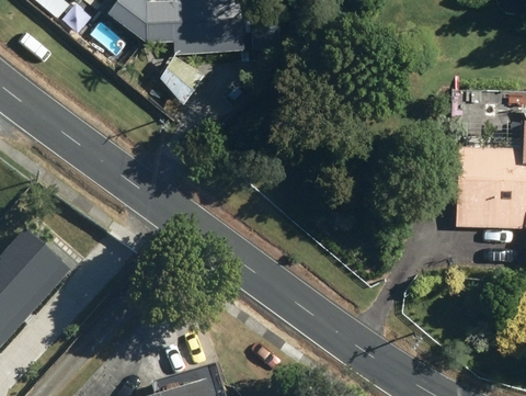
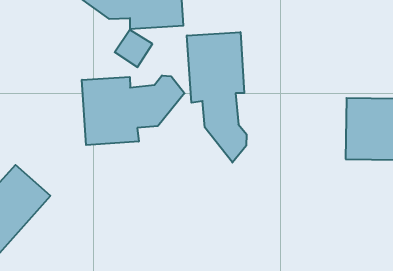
building: none -> [187,32,246,163]
building: none -> [82,75,185,145]

